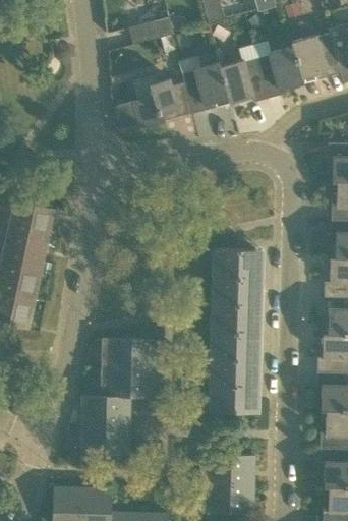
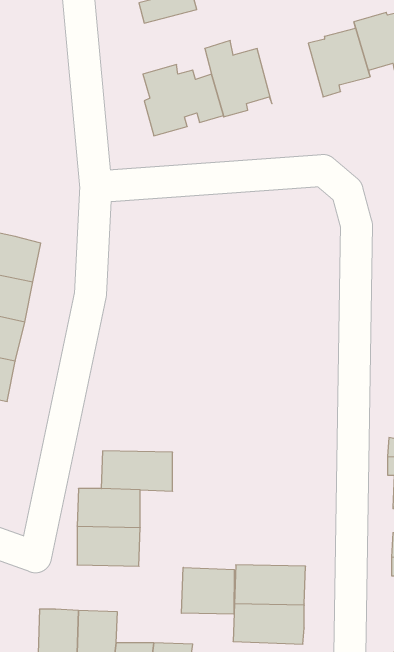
building: [218,58,268,104] -> none
building: [210,246,262,413] -> none
building: [101,338,155,368] -> none
building: none -> [181,567,234,614]

